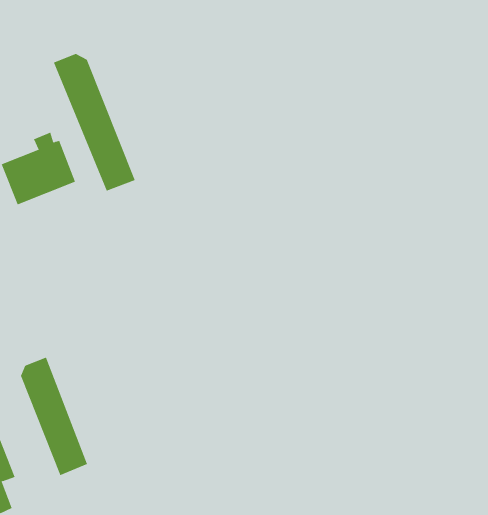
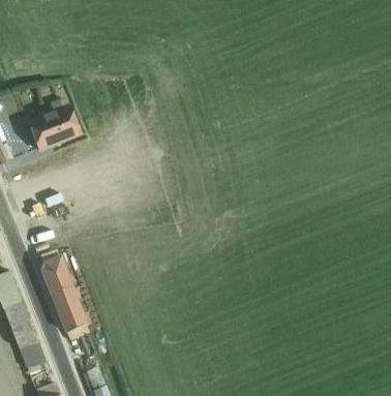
building: [53,53,136,191] -> none

